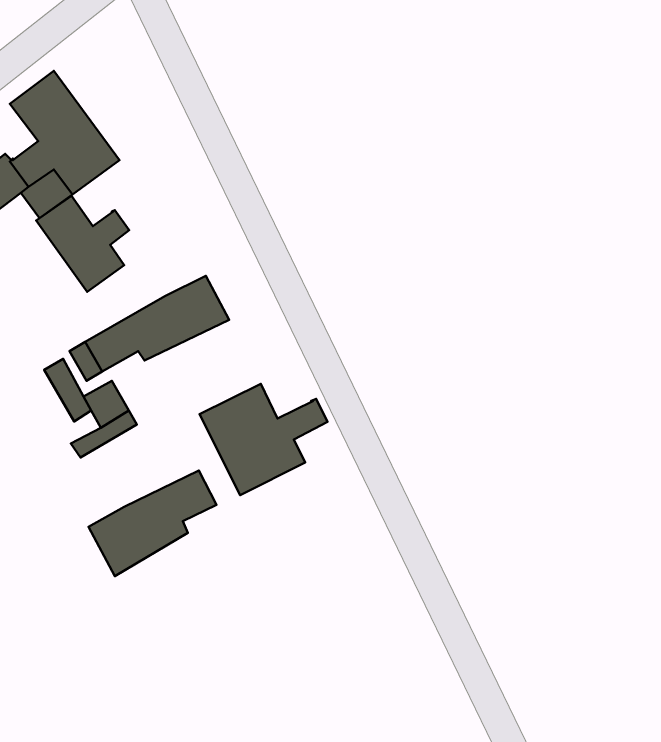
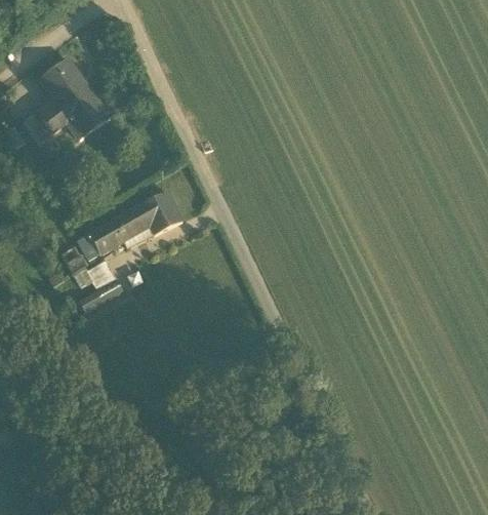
building: [36,196,129,292] -> none
building: [200,384,327,495] -> none
building: [88,471,216,576] -> none

